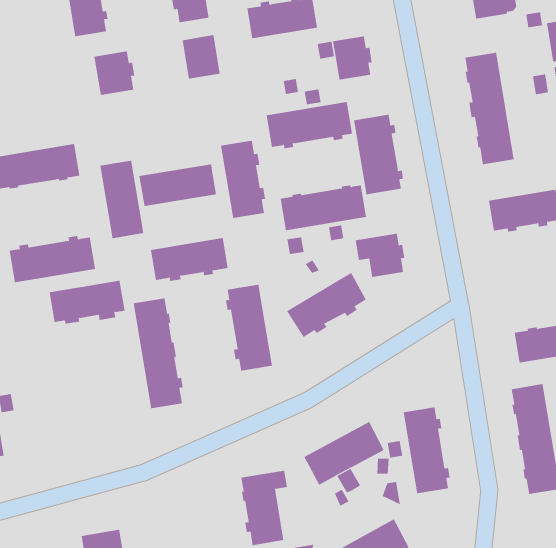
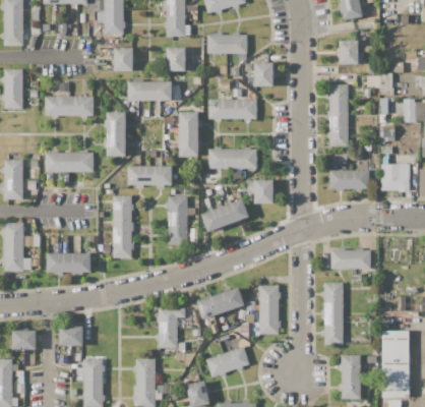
building: [354,114,404,195] -> none
building: [139,164,217,207] -> [128,81,172,100]
building: [49,280,125,324] -> [48,253,90,275]

